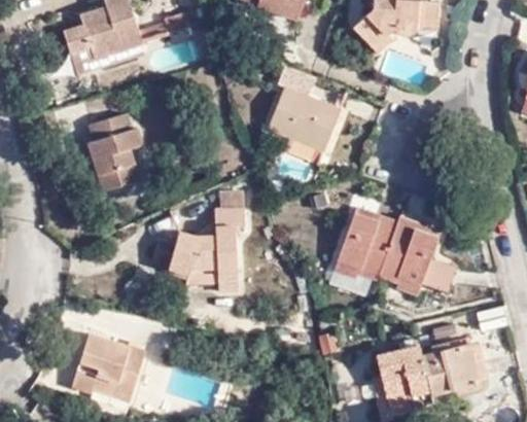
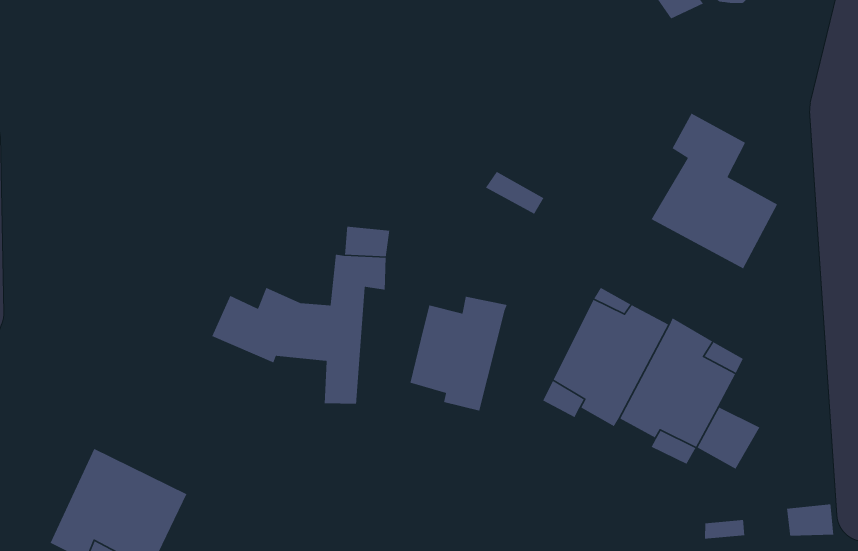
building: [270,64,340,147] -> [650,113,778,269]
building: [84,112,135,190] -> none
building: none -> [409,296,508,411]

